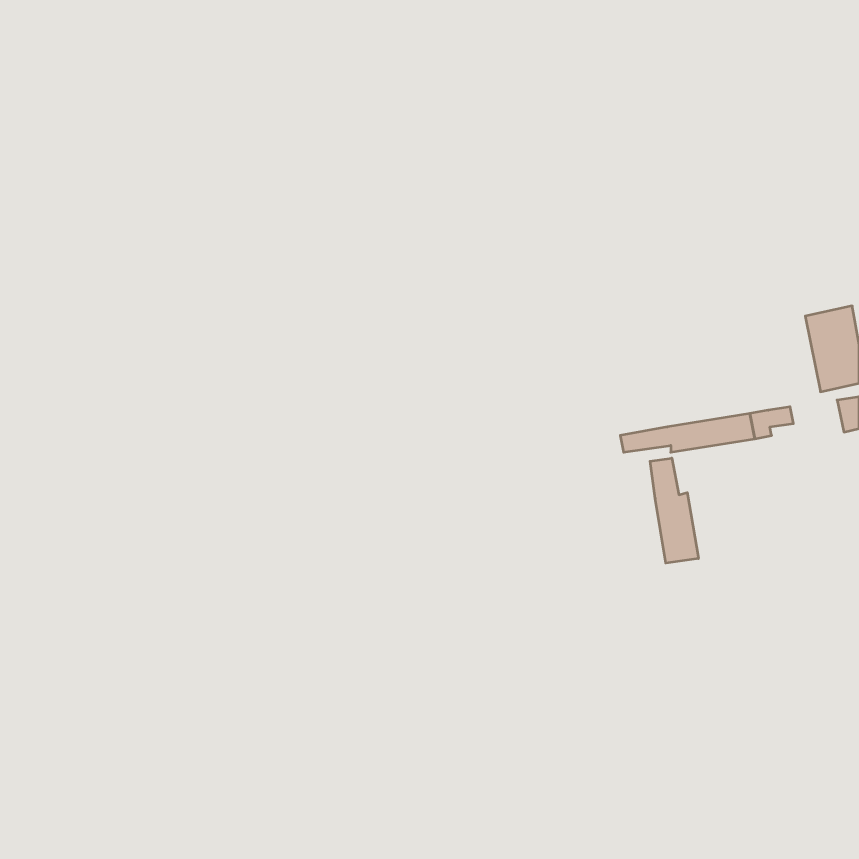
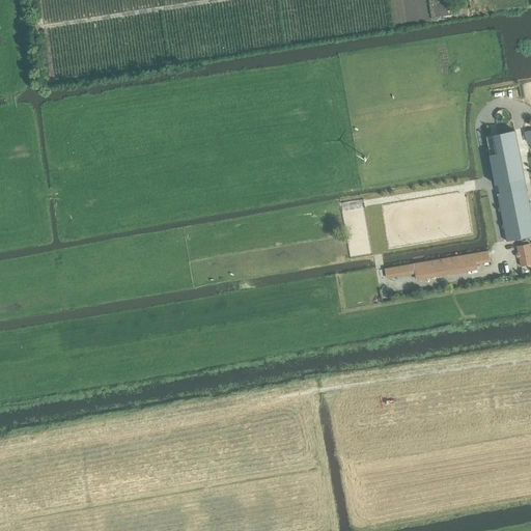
building: none -> [485,130,525,184]
building: [650,458,698,563] -> none

